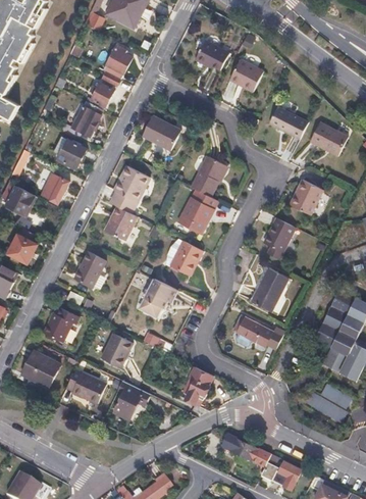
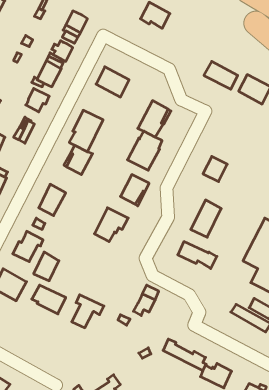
building: [230,59,262,92] -> none
building: [293,180,323,215] -> none
building: [101,333,130,366] -> [34,252,59,281]

